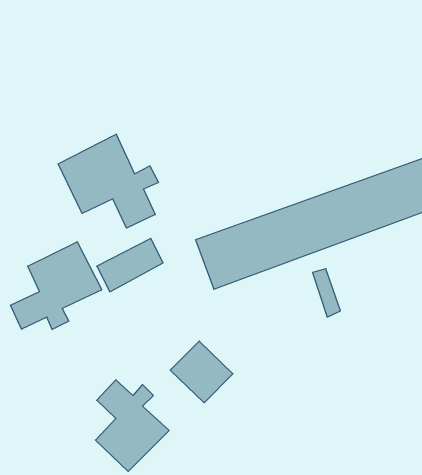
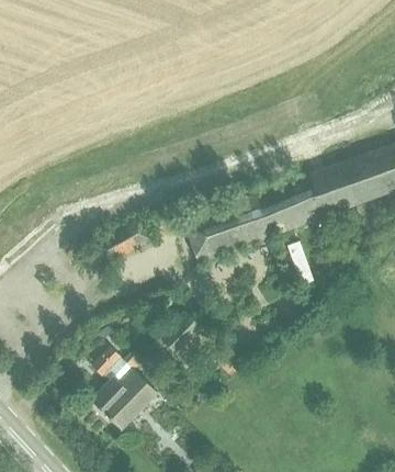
building: [58,134,158,228] -> none
building: [11,242,102,330] -> none

